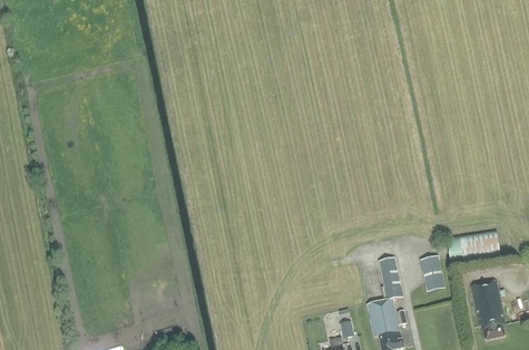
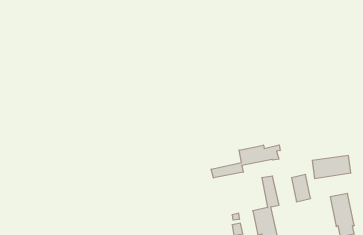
building: none -> [211,145,280,178]

